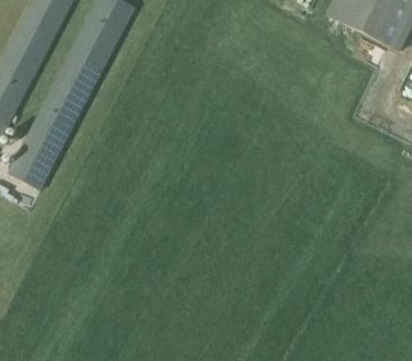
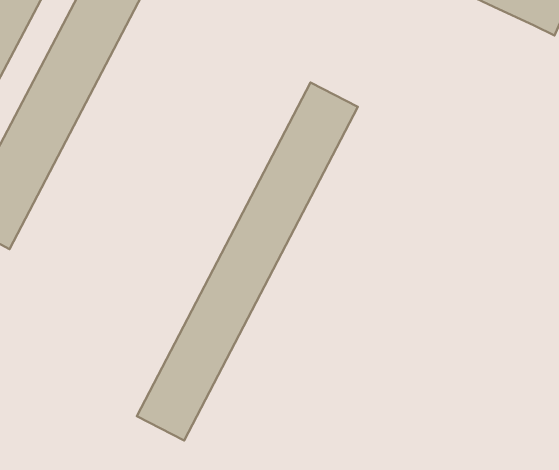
building: none -> [137,82,358,440]

